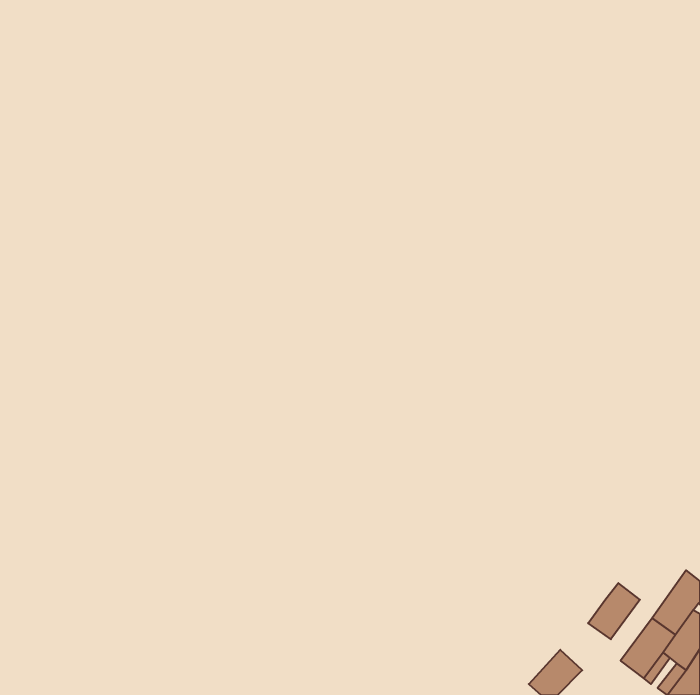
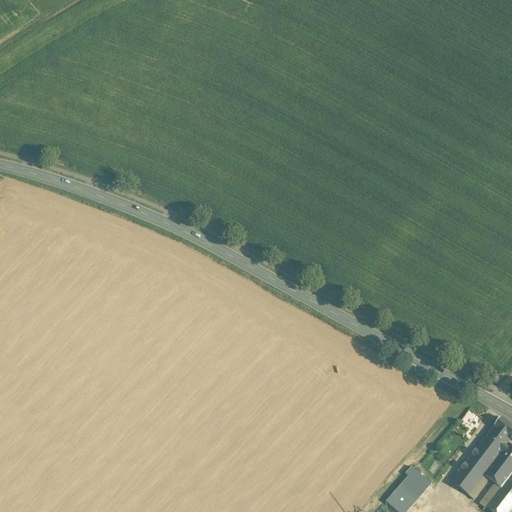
building: [588,583,640,639] -> none

